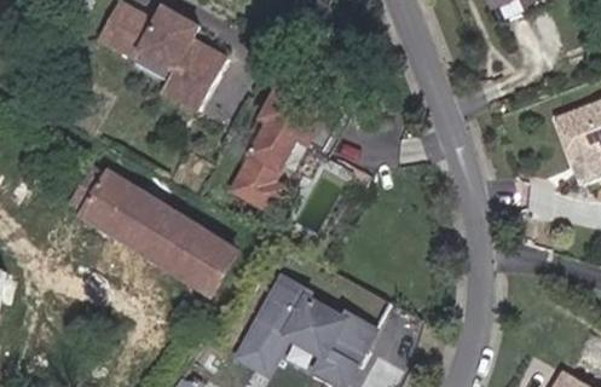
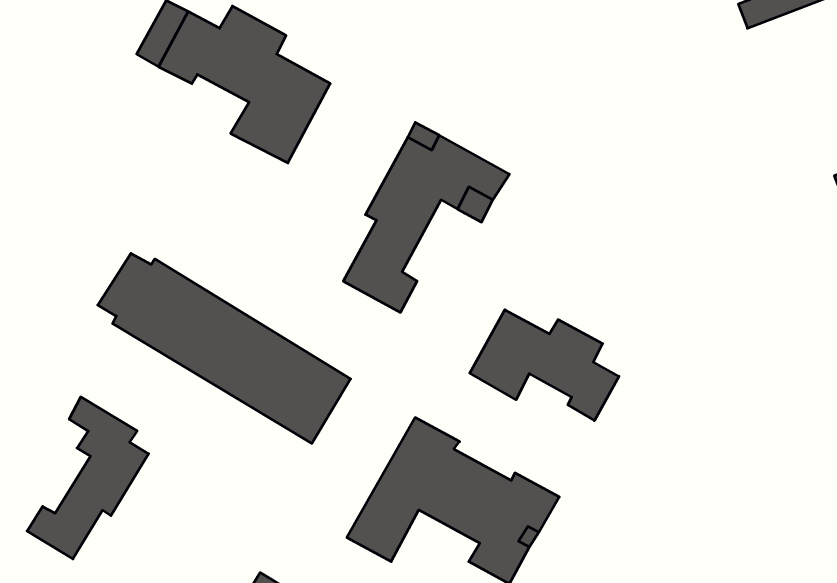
building: none -> [470,310,619,421]
building: none -> [27,397,149,559]

